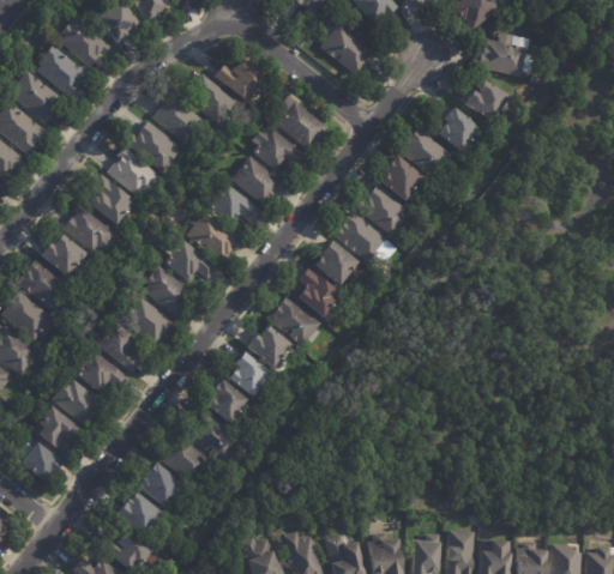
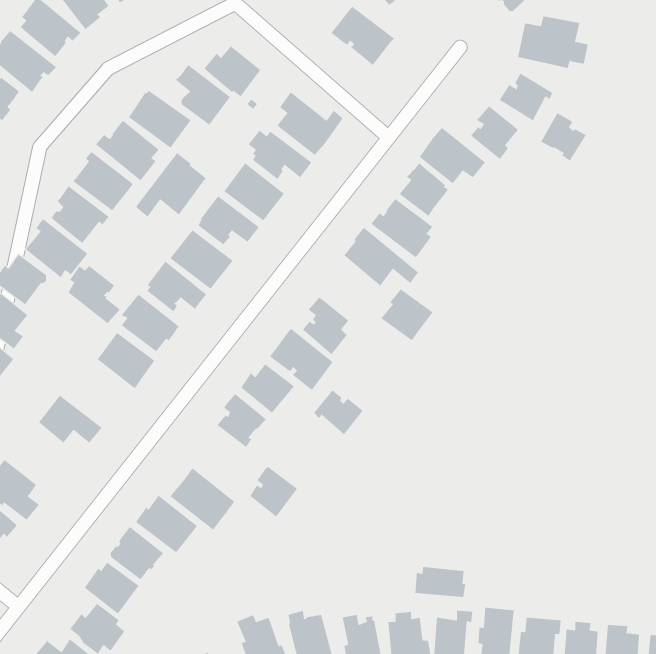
building: none -> [540,112,586,161]
building: none -> [135,152,207,217]
building: [315,241,360,285] -> [381,288,433,341]
building: [100,324,144,373] -> [68,265,120,324]
building: none -> [313,390,364,435]
building: [204,379,245,422] -> [249,466,298,517]
building: [50,380,102,424] -> none
building: none -> [415,566,466,598]

